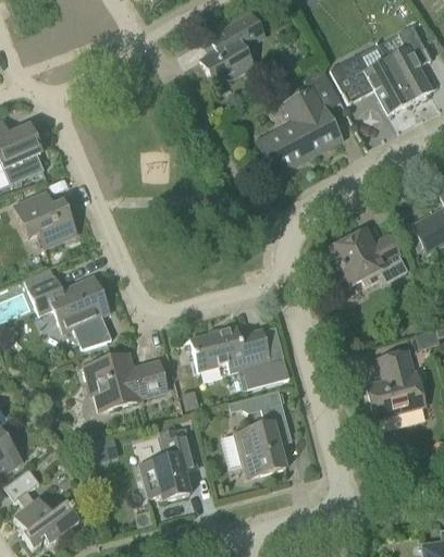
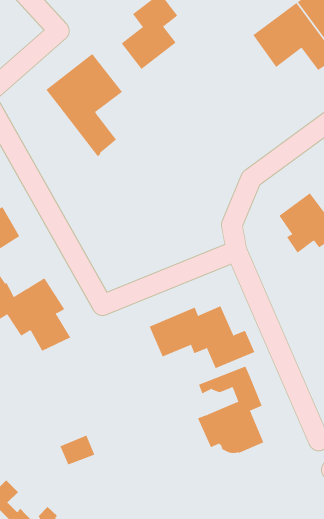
building: none -> [45,53,123,157]
building: [264,69,341,170] -> none
building: [85,352,166,409] -> none
building: [143,429,195,499] -> none

